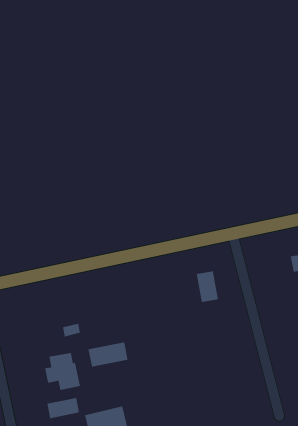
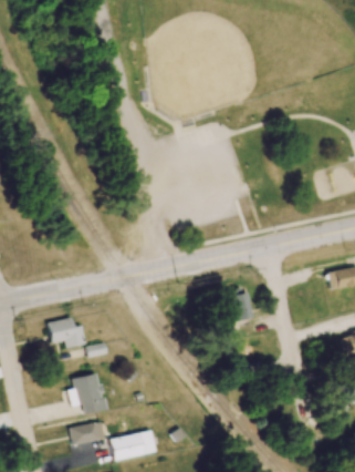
building: none -> [46,318,85,348]
building: [88,342,129,367] -> none

